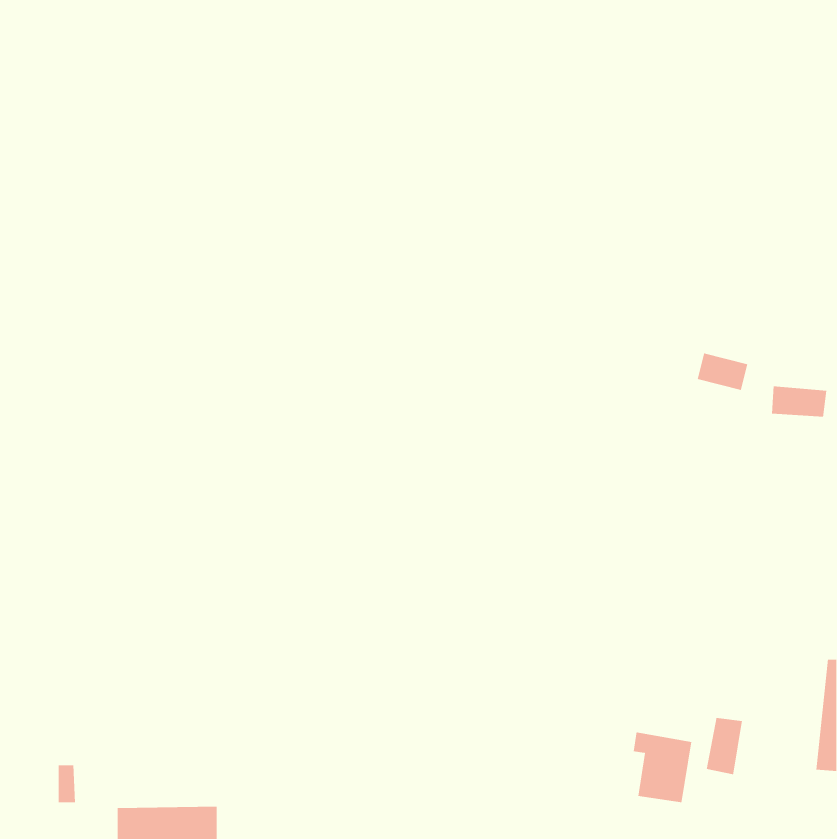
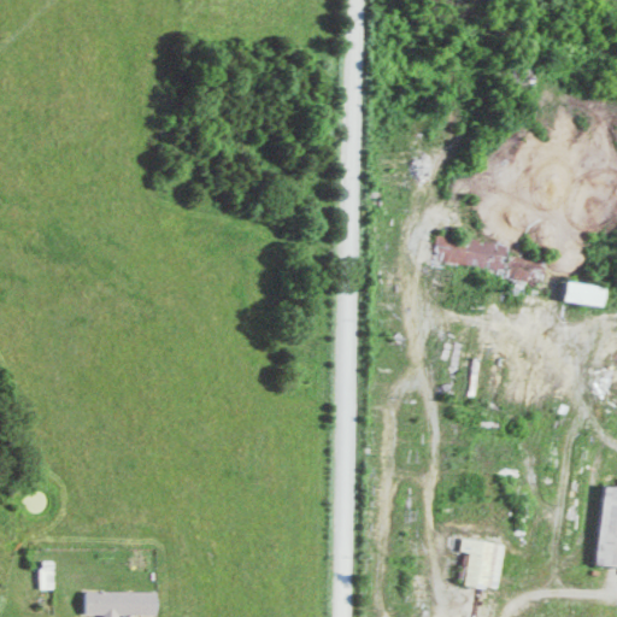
building: none -> [437,236,510,271]
building: [706,717,742,775] -> none

